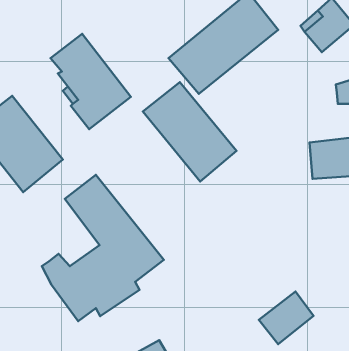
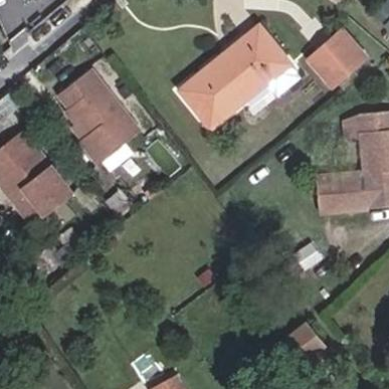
building: [143,82,236,181] -> none
building: [42,175,164,321] -> none

